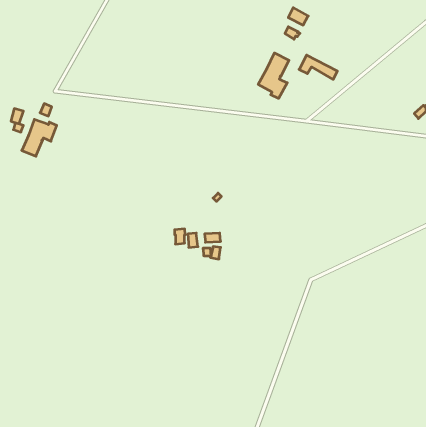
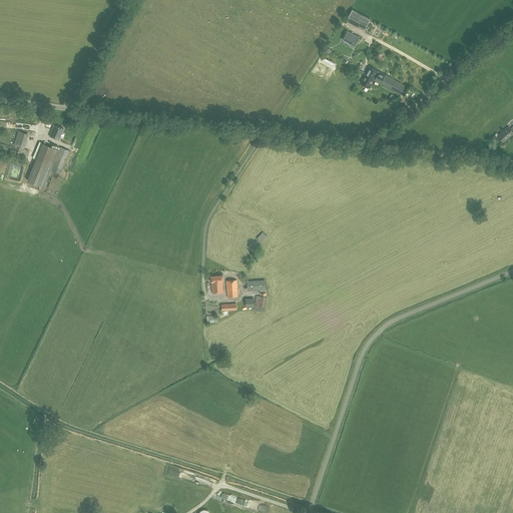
building: [258,53,289,98] -> none

